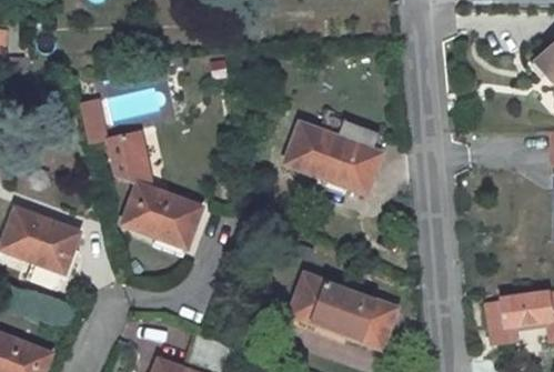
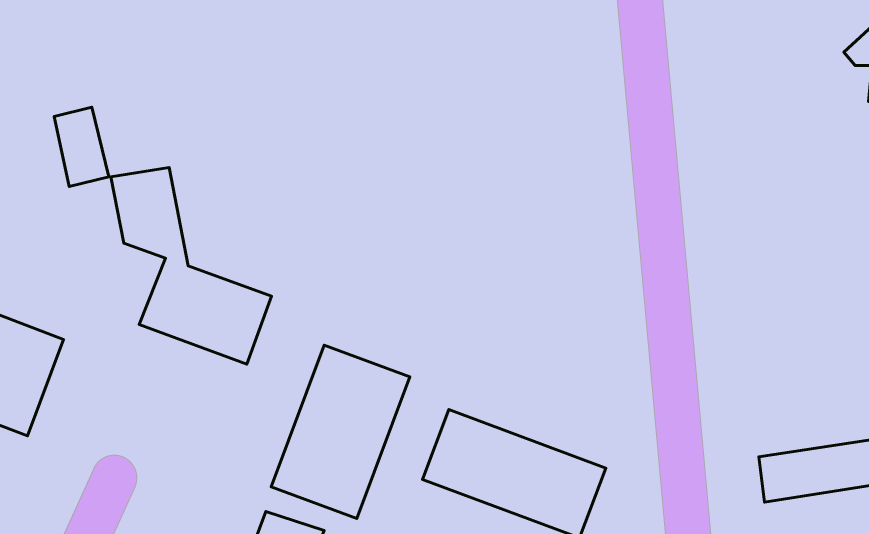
building: [284,118,386,193] -> none
building: none -> [271,345,410,519]

